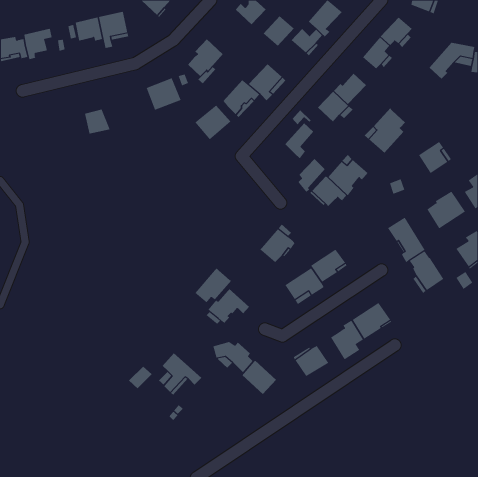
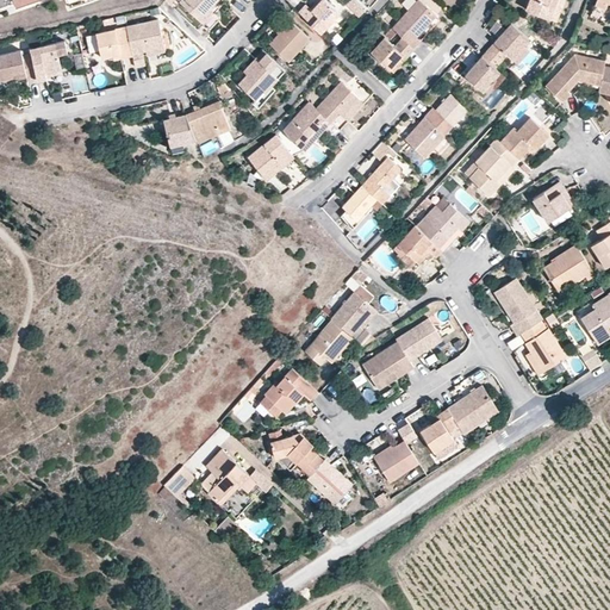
building: [263,16,295,46] -> [269,21,310,61]
building: none -> [500,118,549,160]
building: [84,109,110,134] -> [163,113,197,145]
building: [298,158,326,193] -> [341,185,376,229]
building: [195,268,232,303] -> [305,320,353,366]

